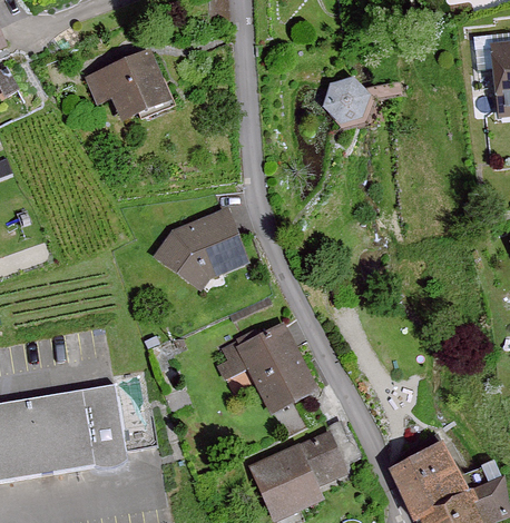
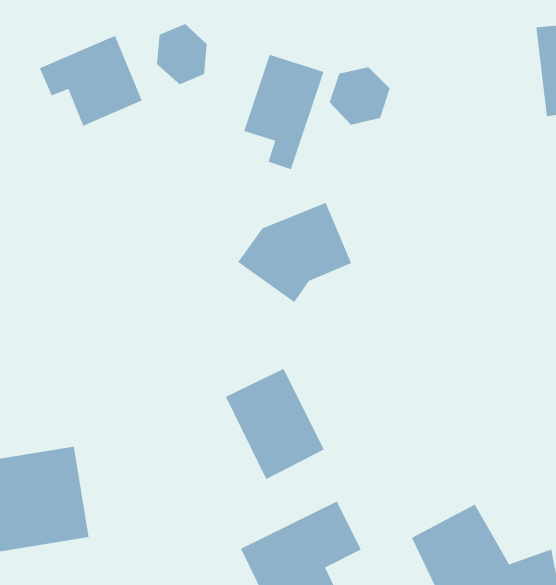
building: none -> [156,23,207,85]
building: none -> [243,54,325,170]
building: [153,208,246,290] -> [237,202,352,303]

